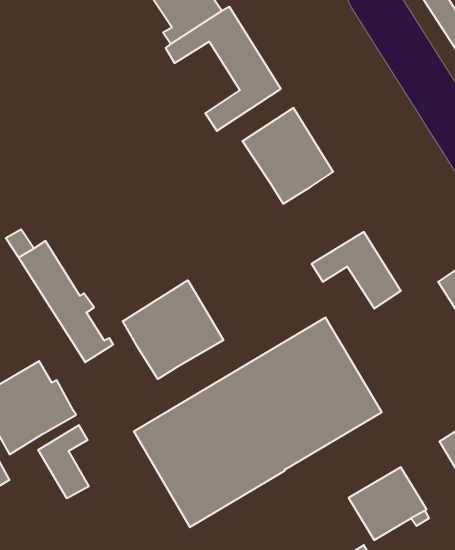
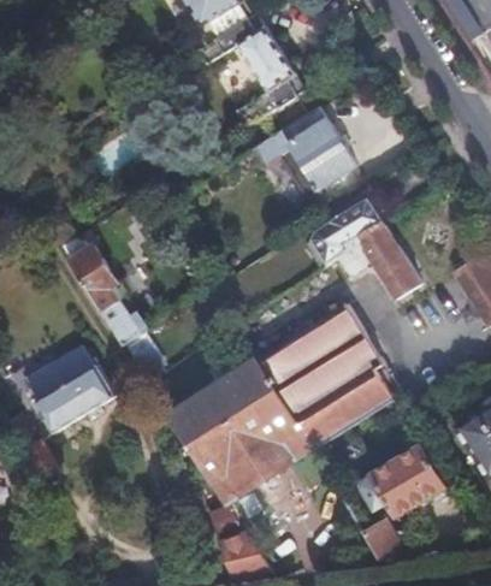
building: none -> [309,196,385,265]
building: [123,280,223,379] -> none
building: [38,425,89,498] -> none

